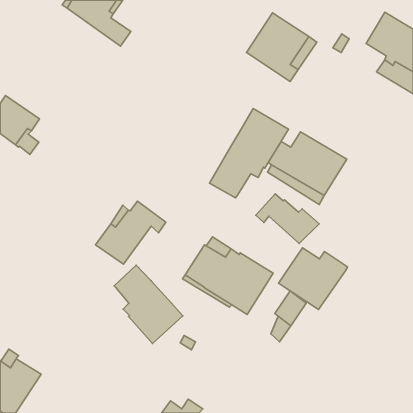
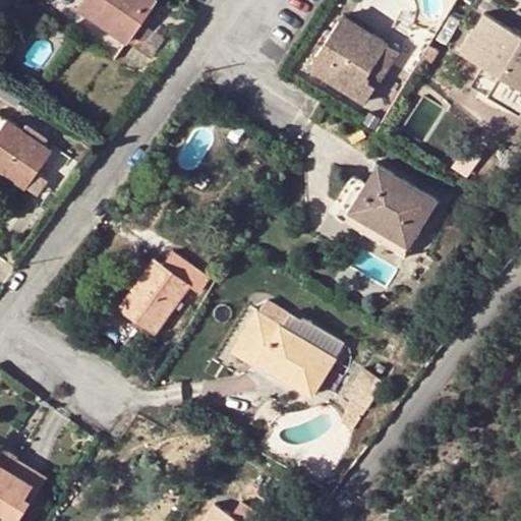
building: [210,109,288,198] -> none
building: [256,194,319,244] -> none
building: [278,248,348,310] -> none
building: [114,265,183,344] -> none

